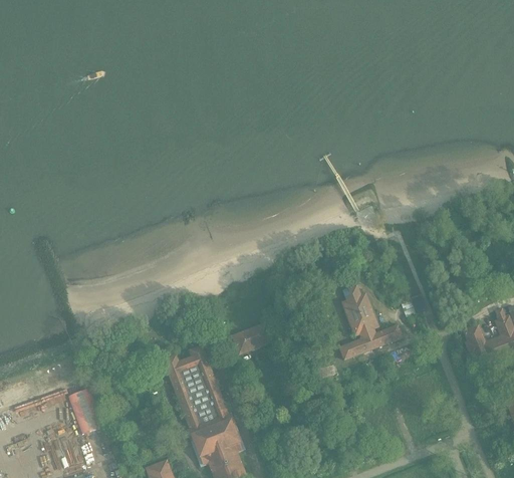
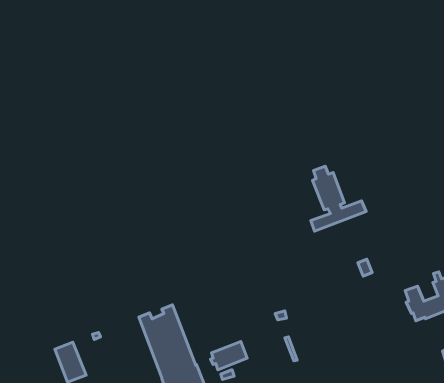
building: [340,285,403,358] -> [311,166,366,231]
building: [231,322,272,354] -> [211,341,247,370]

